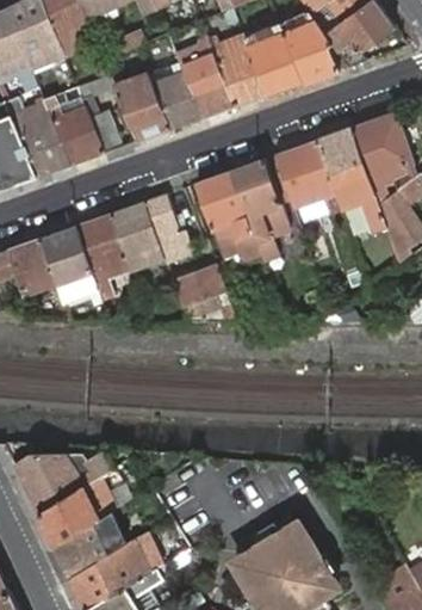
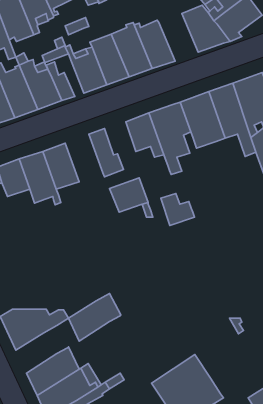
building: [243,25,300,95] -> none
building: [107,202,162,283] -> none
building: [210,220,259,266] -> [161,193,195,225]
building: [36,480,112,549] -> [68,294,121,341]

